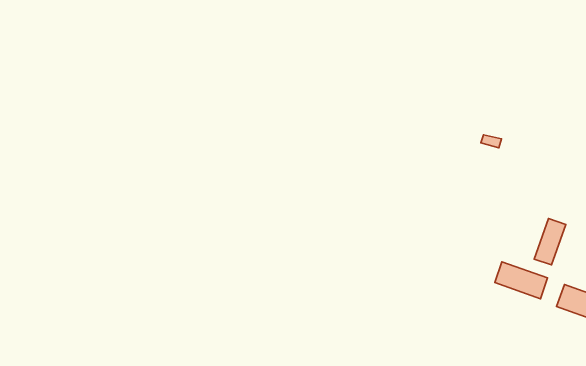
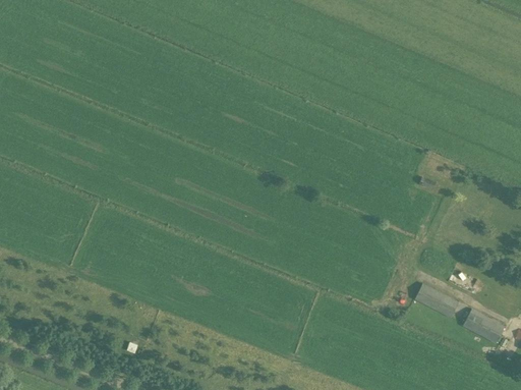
building: [534,219,566,265] -> none

